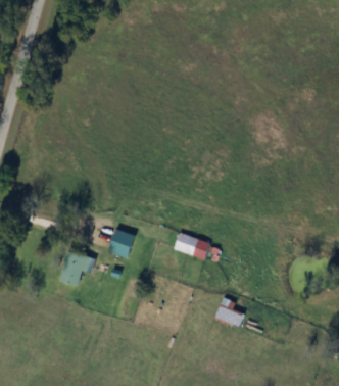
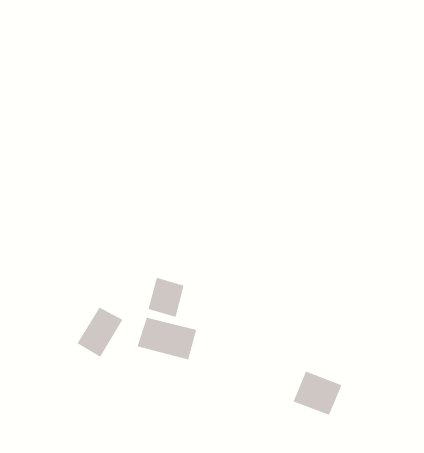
building: [173,232,210,260] -> none
building: none -> [137,317,197,361]

